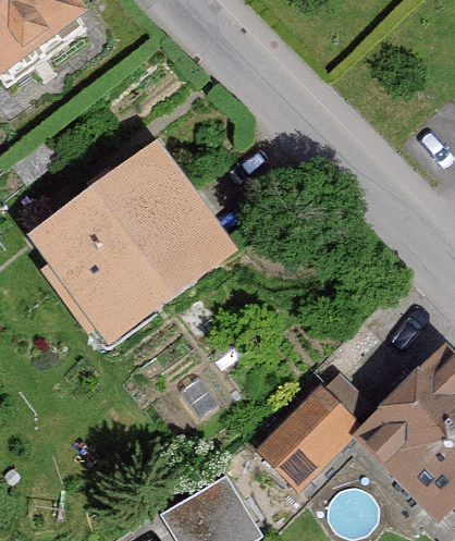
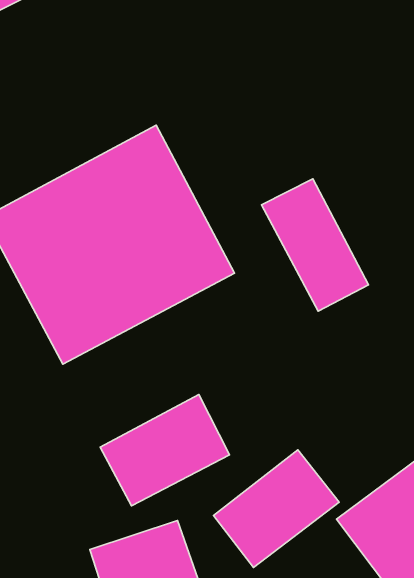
building: none -> [262,179,368,311]
building: none -> [100,395,229,506]

